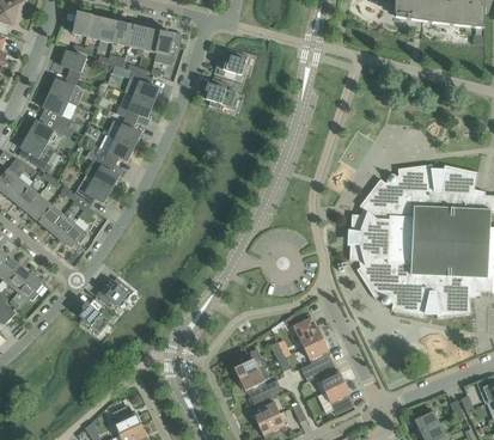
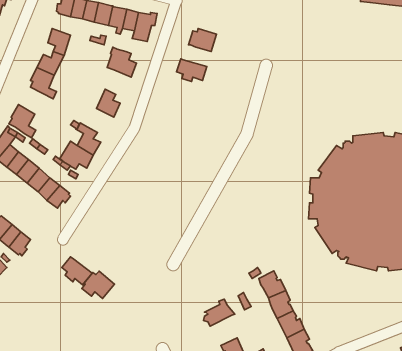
building: [116,94,153,122] -> none
building: [29,114,72,143] -> none
building: [102,135,134,164] -> none
building: [98,276,134,306] -> [82,271,114,298]
building: [240,366,270,399] -> none

